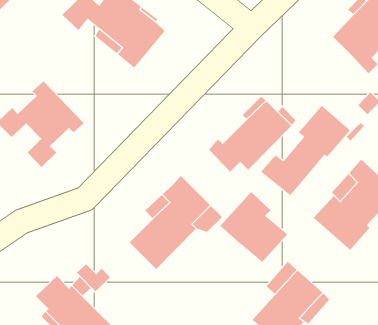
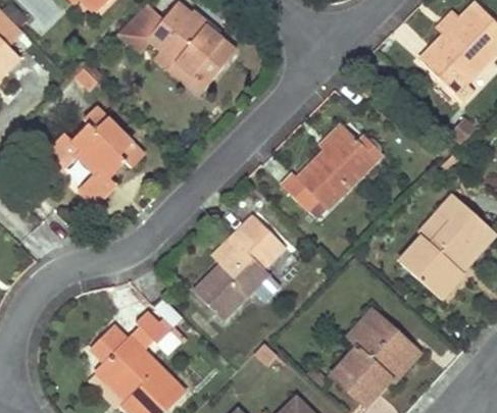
building: [260,105,351,196] -> none
building: [220,191,288,263] -> none

